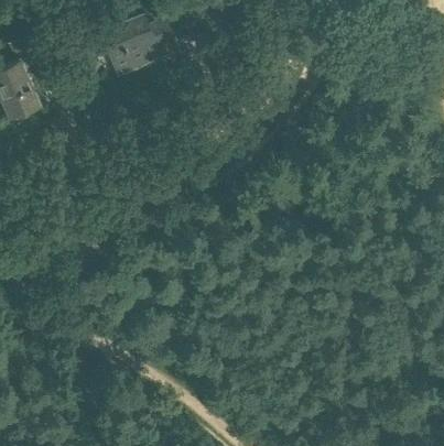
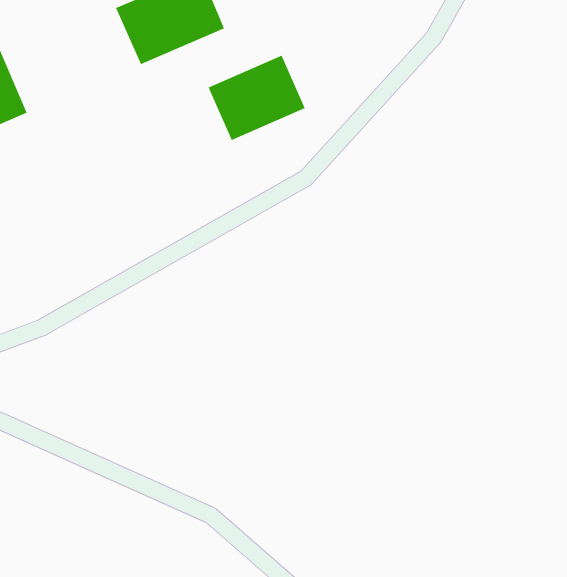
building: none -> [208,55,306,141]

